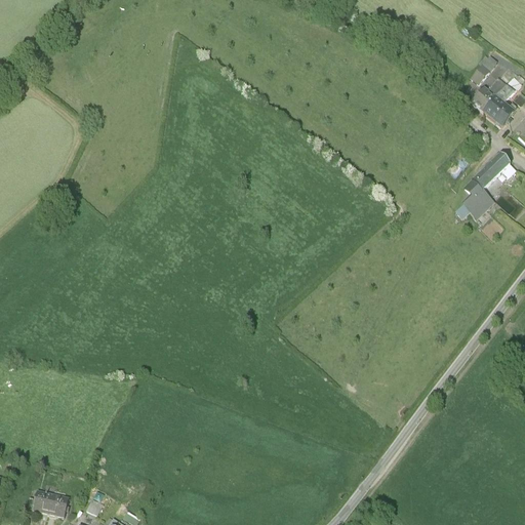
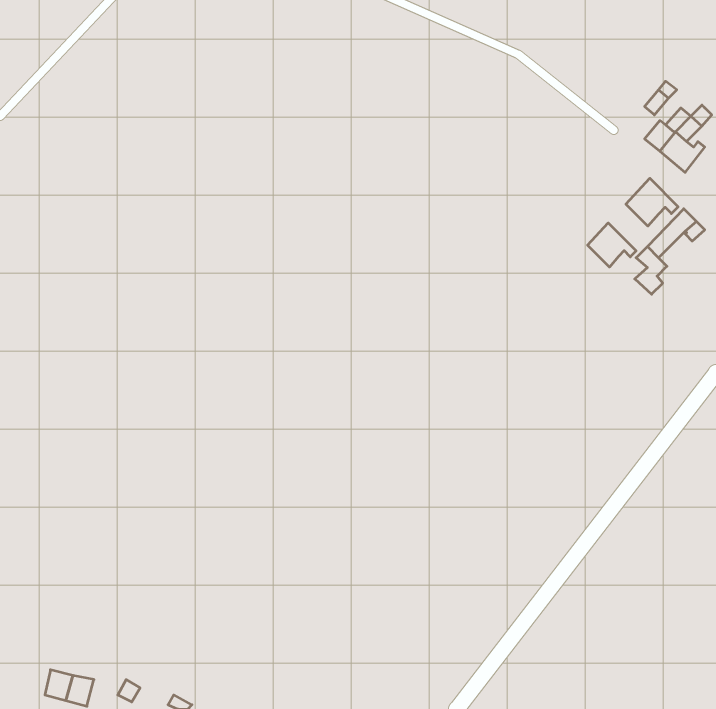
building: none -> [626,178,678,226]
building: none -> [588,223,636,267]

